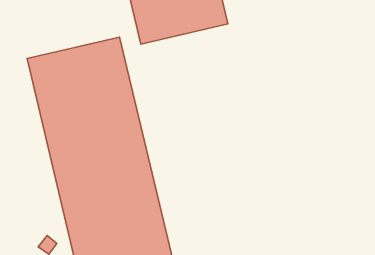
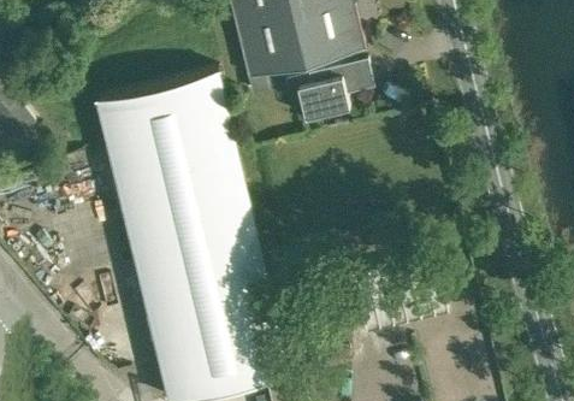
building: none -> [298,65,374,124]

